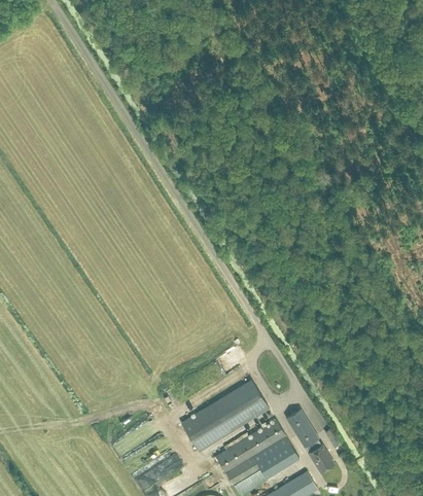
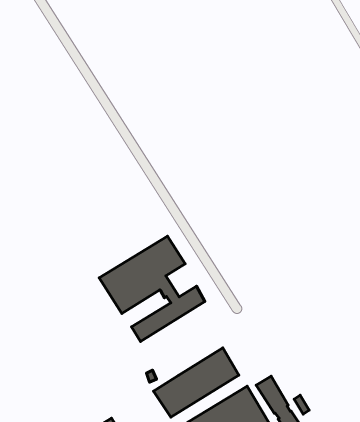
building: none -> [99,236,205,341]

